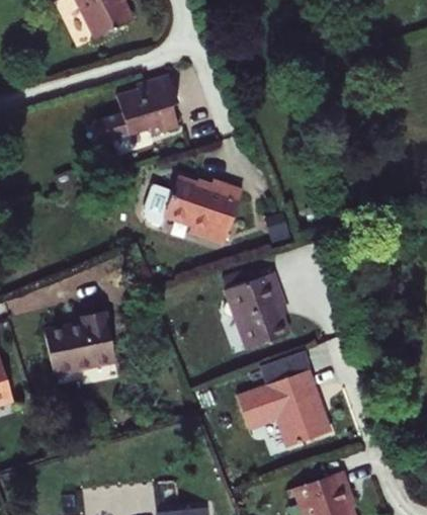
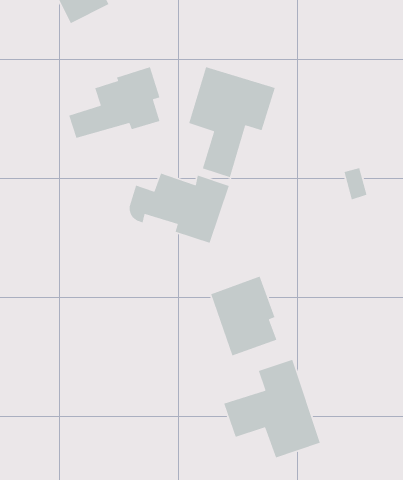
building: none -> [188,66,276,178]
building: [51,316,120,376] -> none

